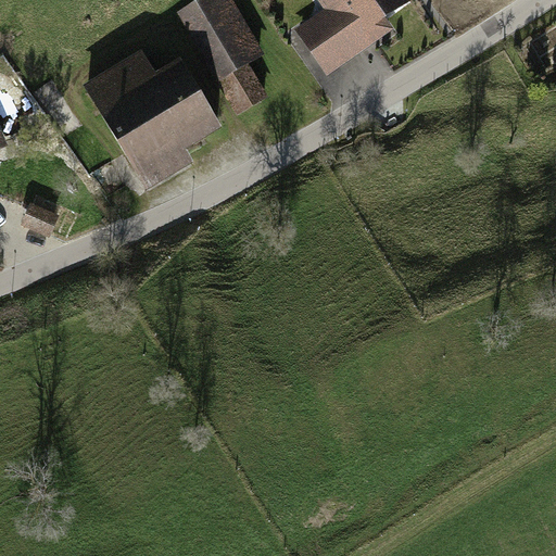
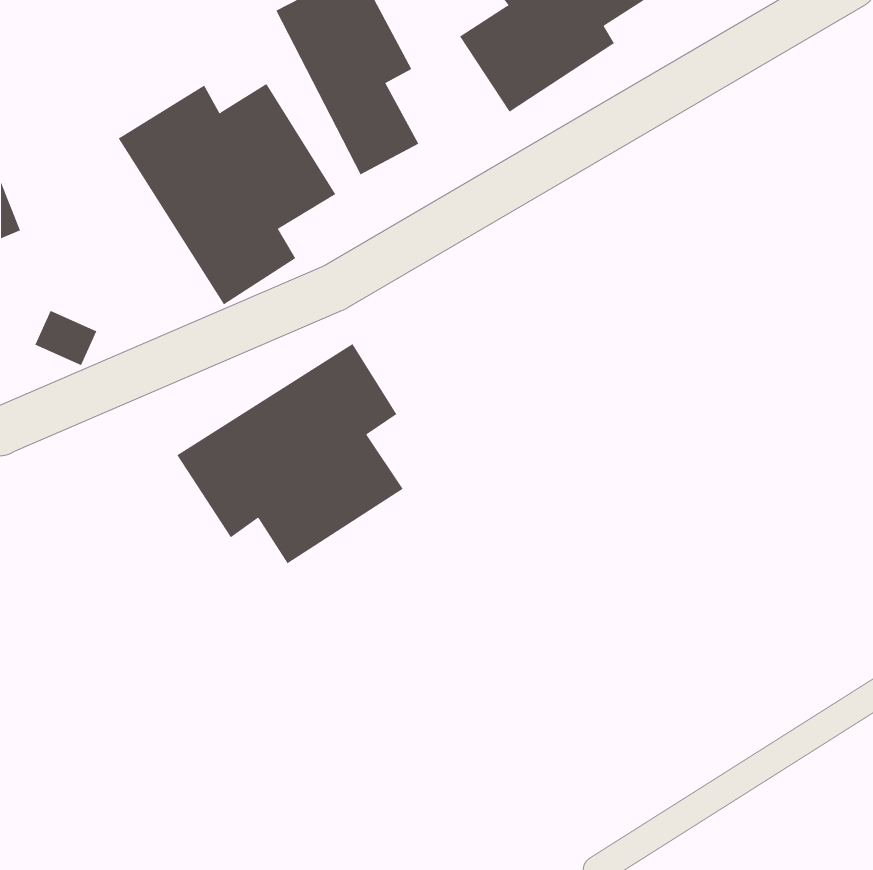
building: none -> [177,343,404,564]

